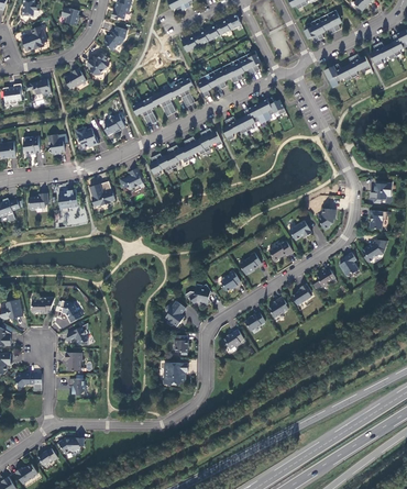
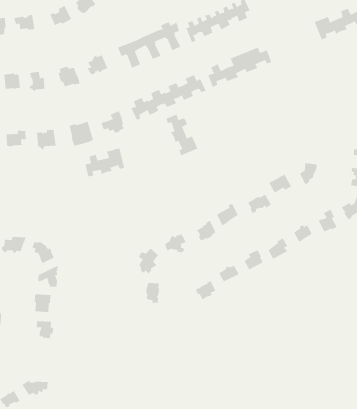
building: none -> [166,114,198,156]
building: none -> [85,147,125,177]
building: [164,363,187,385] -> none

